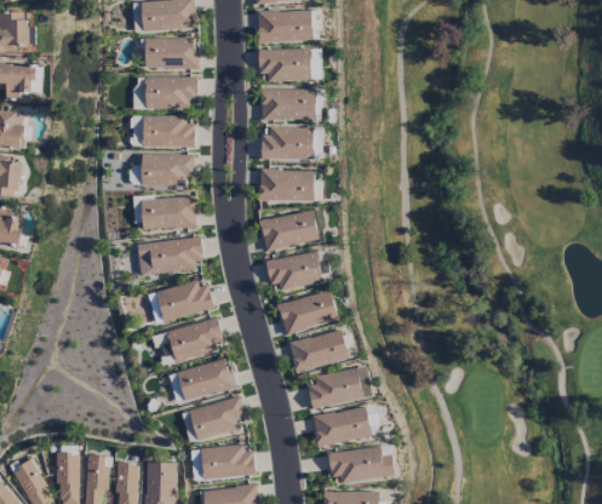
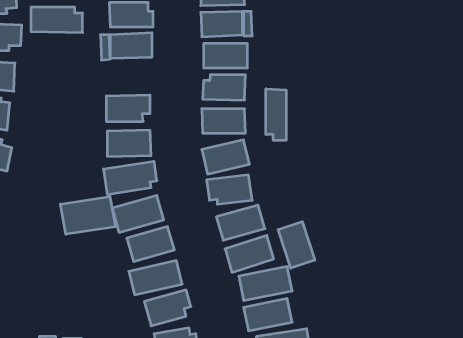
building: [131,115,195,147] -> [31,7,83,33]
building: none -> [266,89,286,140]
building: none -> [60,196,115,234]
building: none -> [278,222,315,268]

